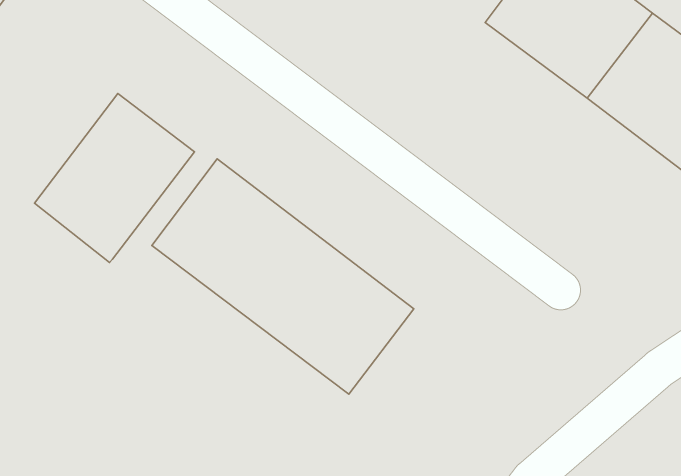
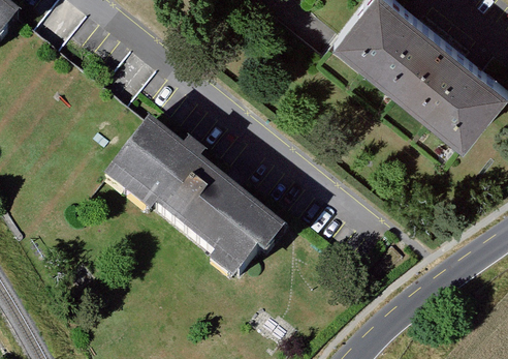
building: [34,93,194,262] -> none

